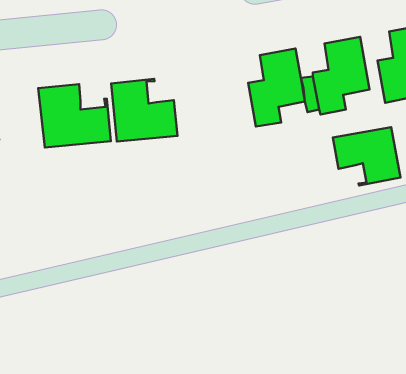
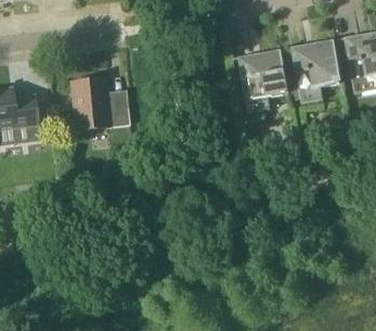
building: [111,79,177,141] -> none
building: [333,127,400,186] -> none

